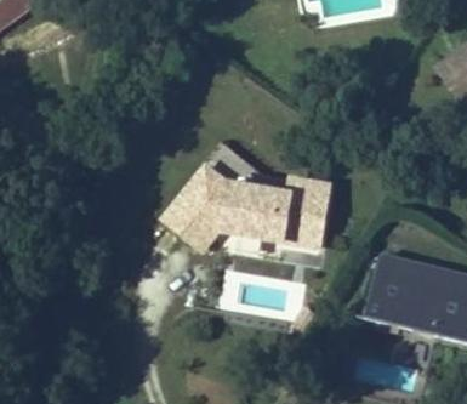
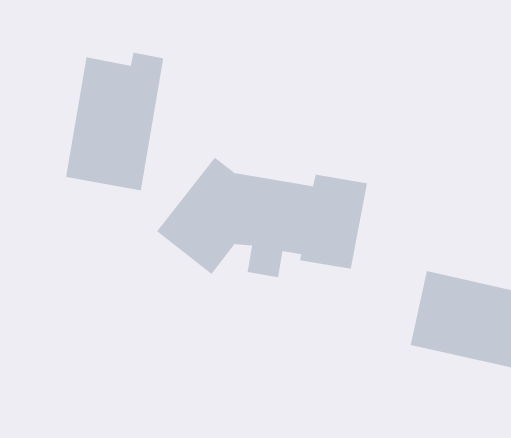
building: none -> [65,52,164,191]

